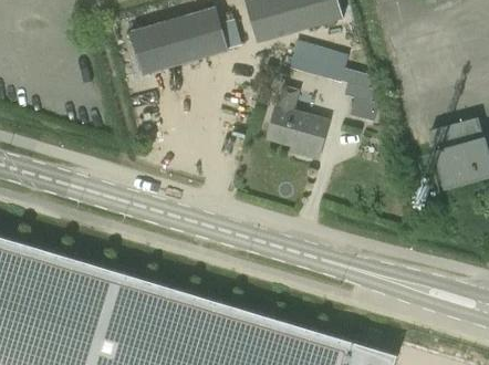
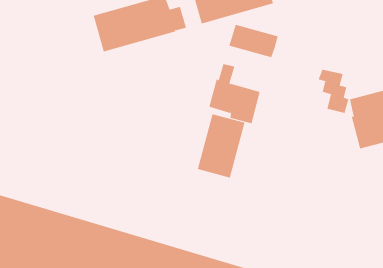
building: [340,69,376,121] -> [318,69,349,113]
building: none -> [197,114,245,178]

